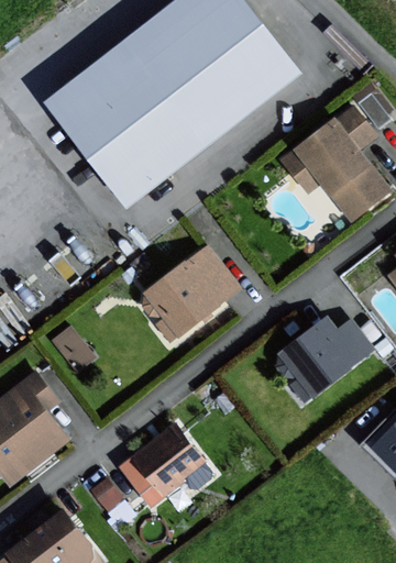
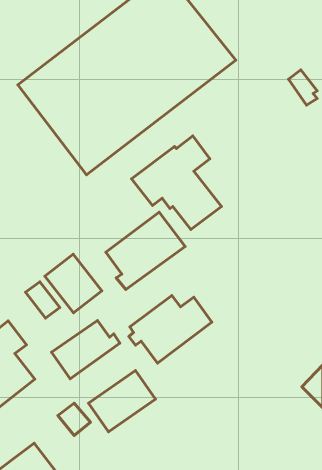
building: [283,110,386,218] -> [132,136,221,230]
building: none -> [45,254,102,313]
building: [276,318,372,396] -> [129,295,212,363]
building: none -> [52,320,120,379]

